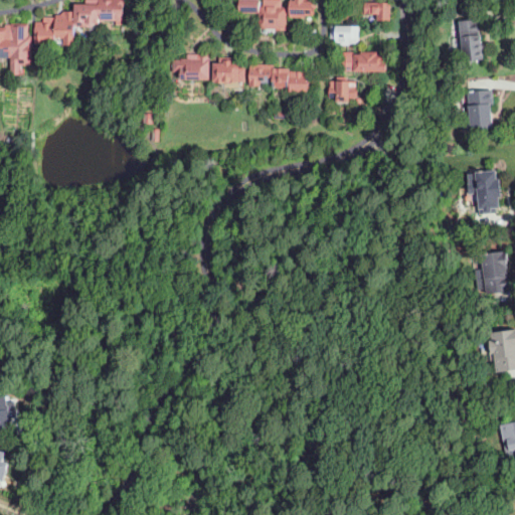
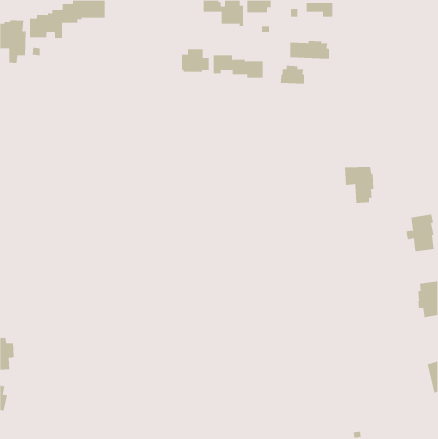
building: [459,19,483,62] -> none
building: [330,25,358,45] -> none
building: [172,52,209,79] -> none
building: [458,90,491,130] -> none
building: [464,171,499,214] -> [344,166,374,203]

